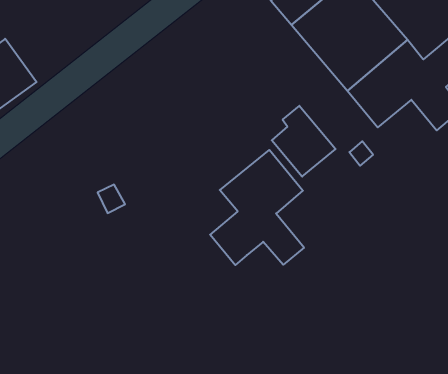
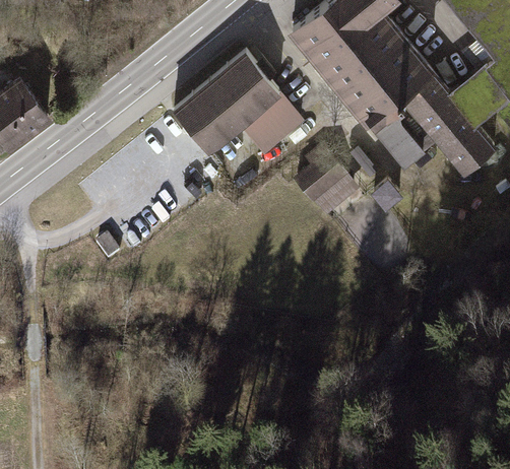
building: none -> [173,55,301,153]
building: [210,150,304,265] -> none

